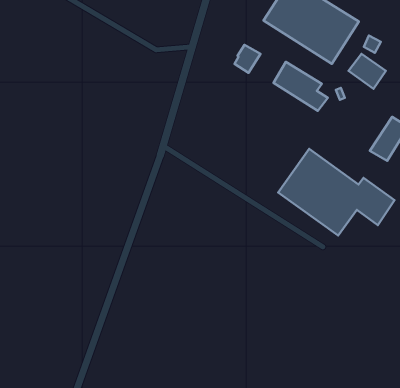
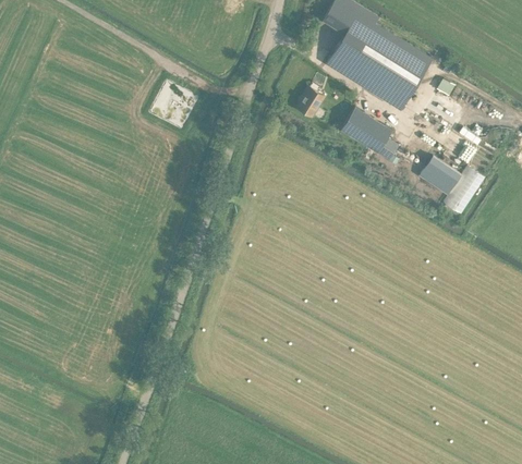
building: [349,54,386,89] -> [418,156,459,194]
building: [278,149,395,236] -> none

